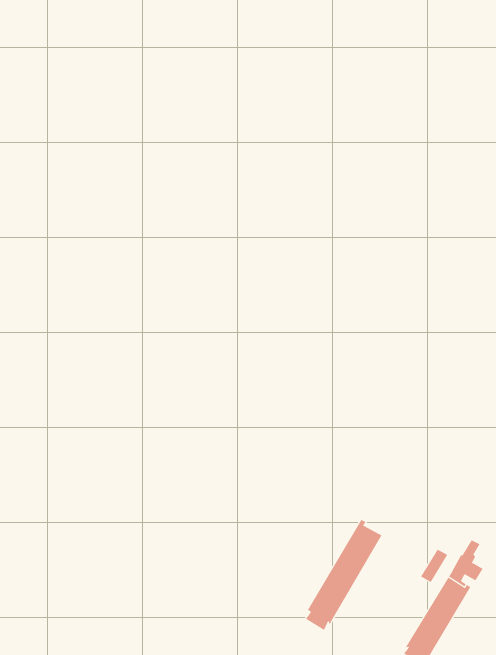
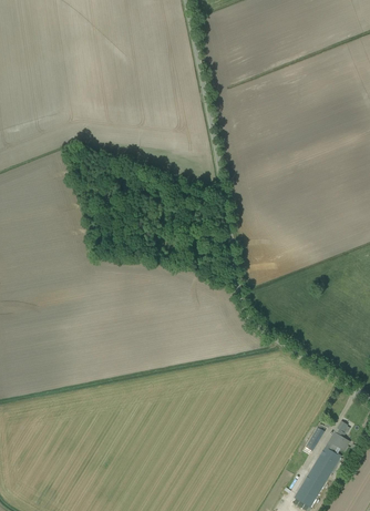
building: [305,519,382,631] -> none

